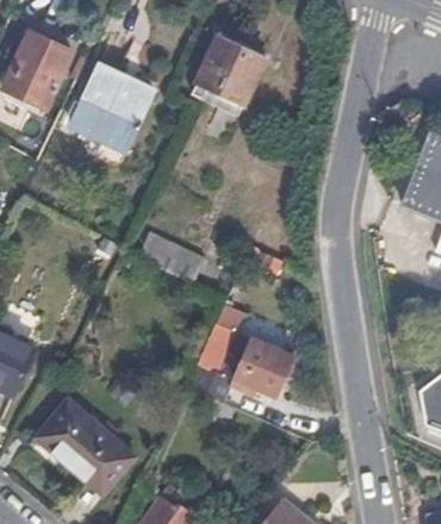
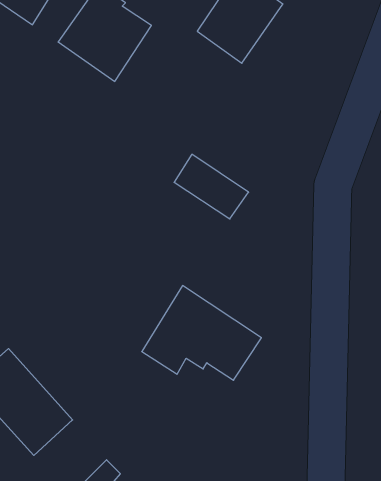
building: [135,230,203,282] -> [174,154,249,219]

